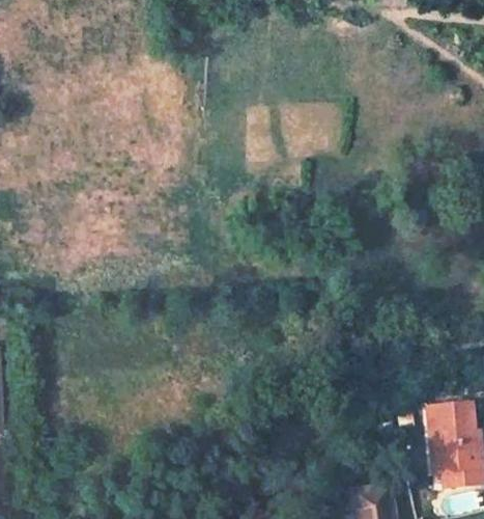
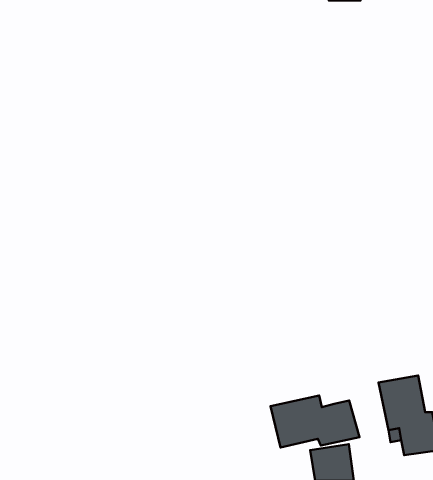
building: none -> [270,396,360,447]

